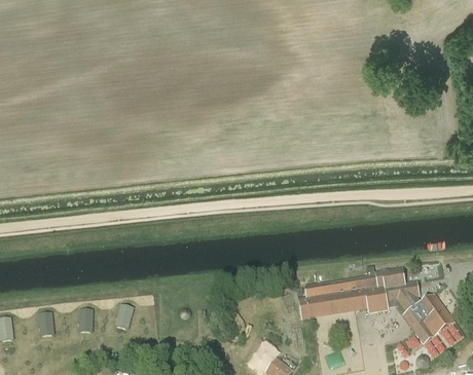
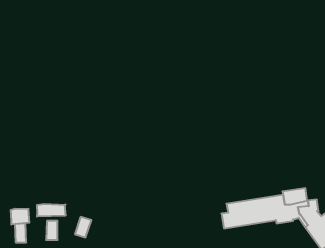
building: none -> [37,204,66,217]
building: none -> [11,209,29,225]

